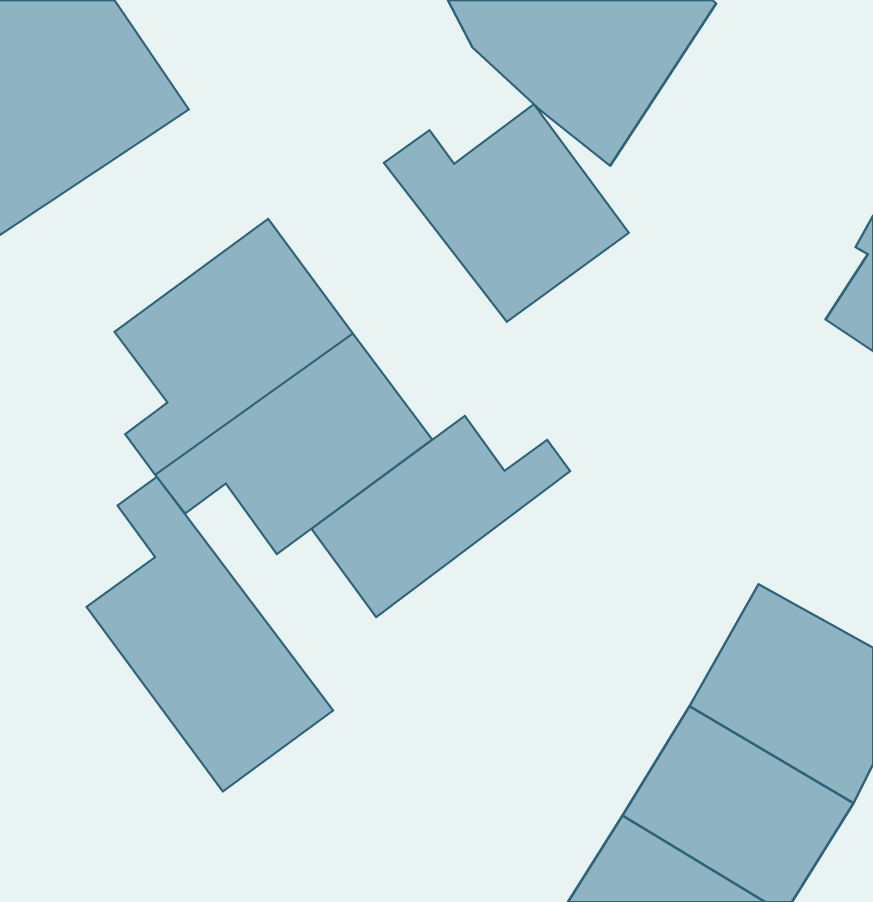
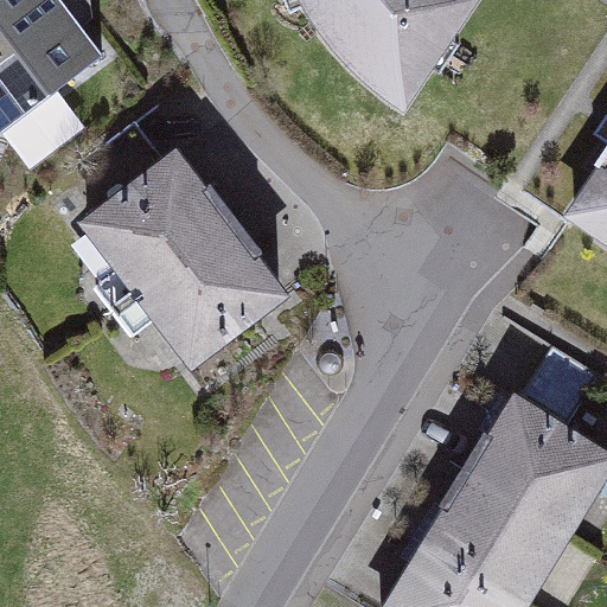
building: [384,104,629,322] -> none
building: [312,416,570,617] -> none
building: [86,477,333,792] -> none

